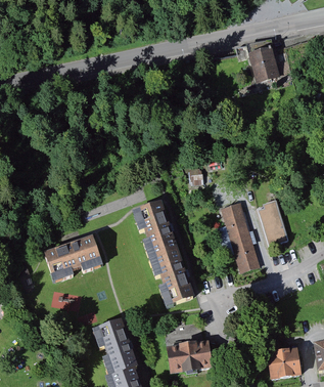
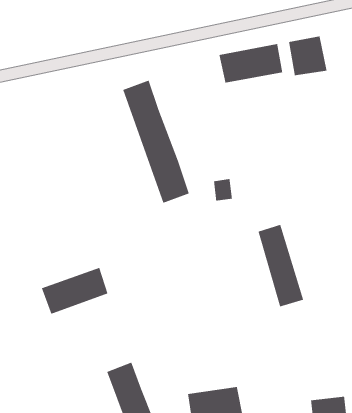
building: none -> [218,43,283,84]
building: [258,197,288,245] -> none
building: [136,203,192,306] -> [122,80,190,204]

